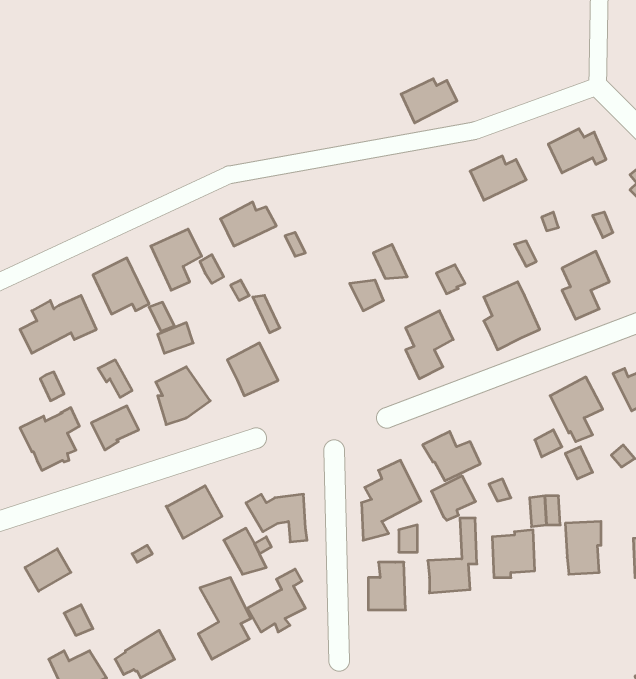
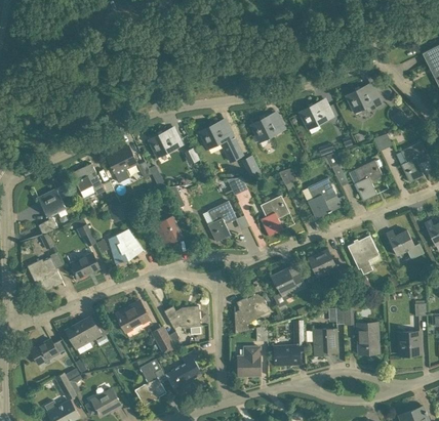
building: [401,79,457,123] -> [251,115,285,141]
building: none -> [200,121,243,161]
building: none -> [207,200,237,242]
building: [431,476,476,520] -> [309,249,335,276]
building: none -> [66,315,102,348]

